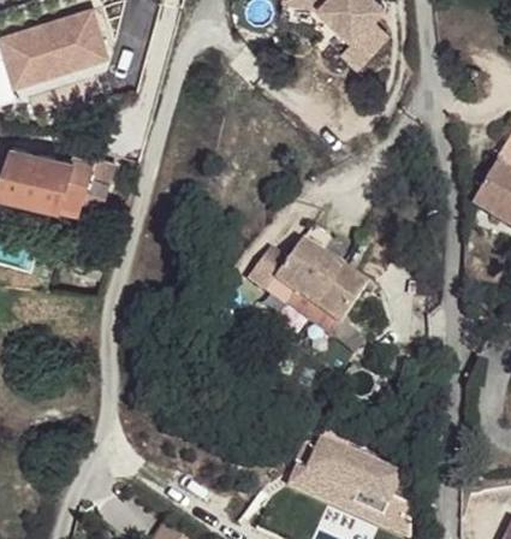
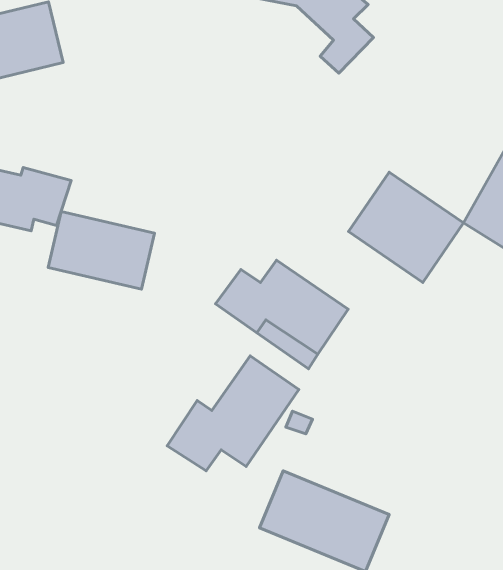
building: none -> [349,172,464,282]
building: none -> [48,212,155,289]
building: none -> [167,356,299,471]

